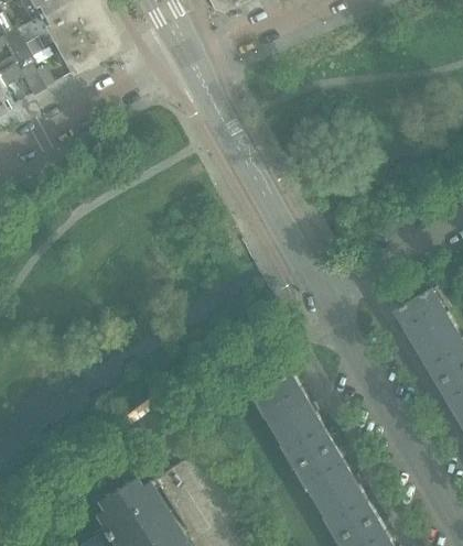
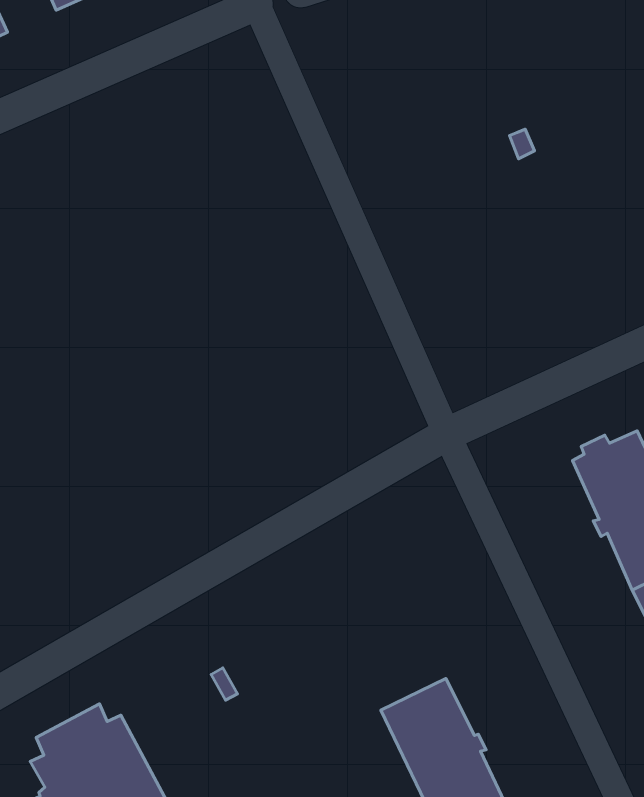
building: [254,372,333,467] -> none

